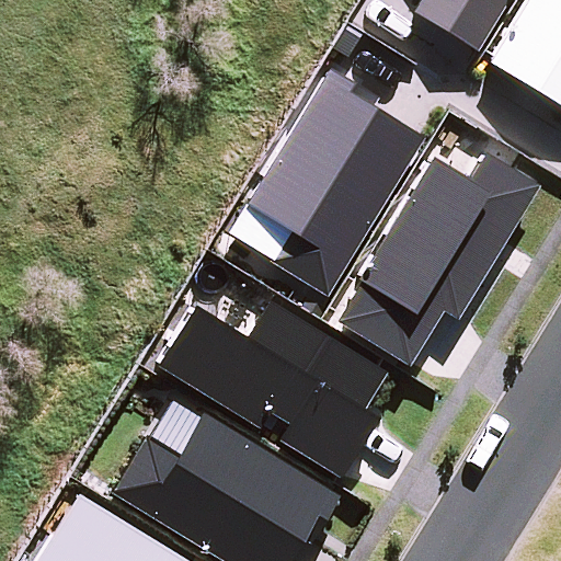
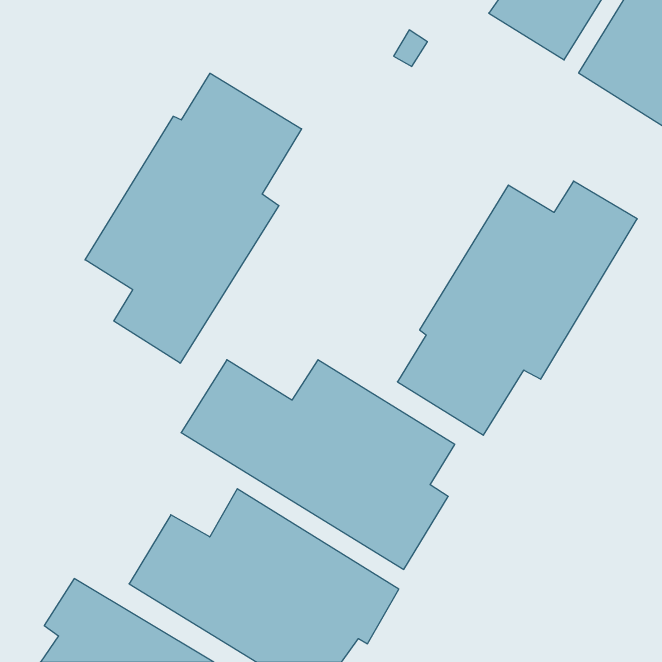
building: none -> [85,73,302,363]
building: [247,69,425,296] -> none

